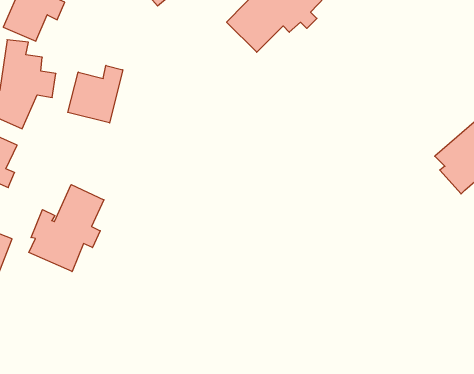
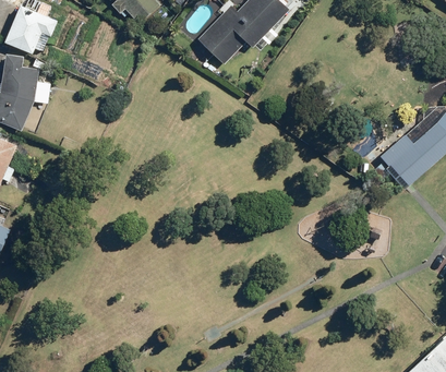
building: [68,65,123,123] -> none
building: [29,185,104,272] -> none

